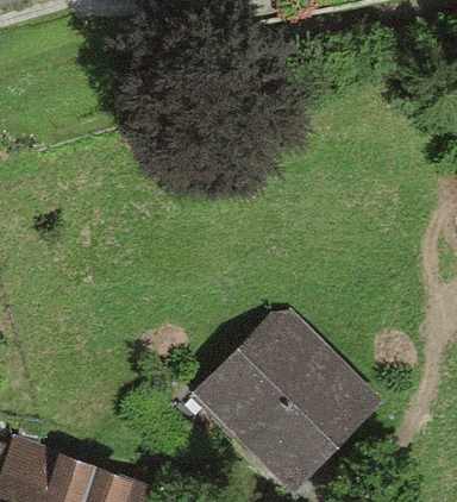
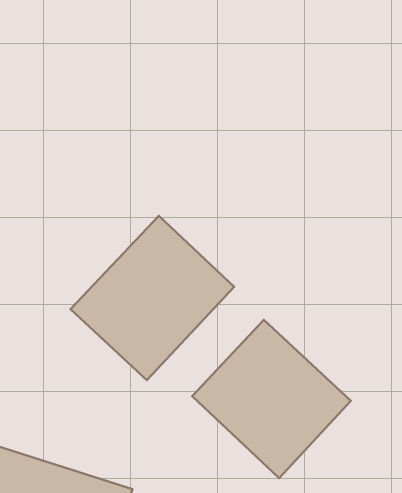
building: none -> [70,216,234,380]

